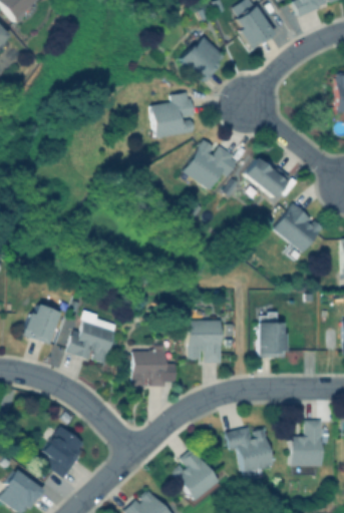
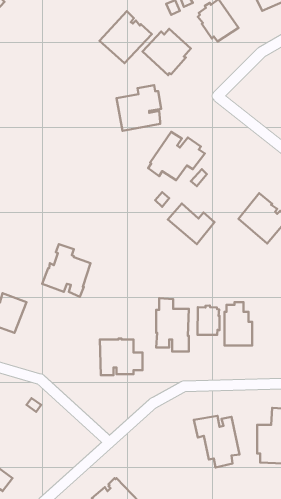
building: none -> [99,11,152,63]
building: [244,157,291,198] -> [168,203,215,244]
building: [68,311,117,364] -> [42,244,91,297]
building: none -> [197,306,220,335]
building: [39,426,82,477] -> none
building: [170,448,221,506] -> none

